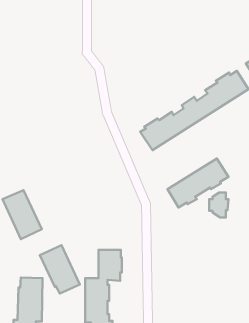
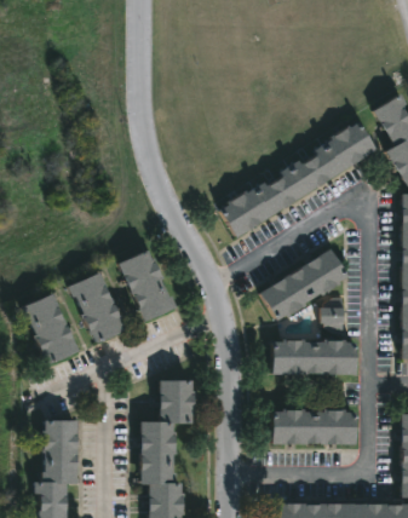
building: none -> [117,251,174,321]
building: none -> [270,339,357,374]
building: [40,245,80,294] -> [67,274,125,344]
building: none -> [271,409,355,445]

